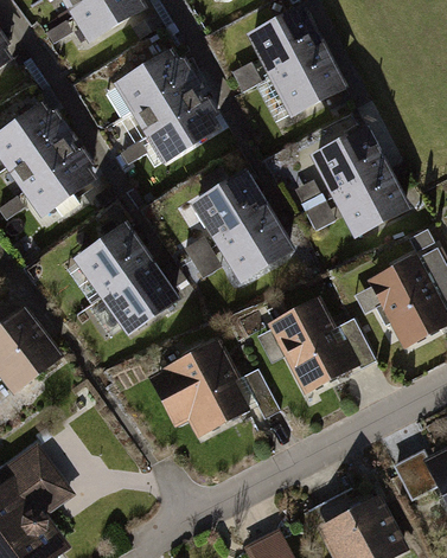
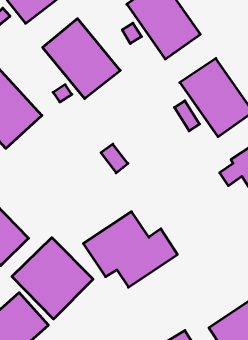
building: [192,172,298,287] -> none
building: [71,219,184,340] -> none
building: [241,294,377,397] -> none
building: none -> [12,238,93,319]

